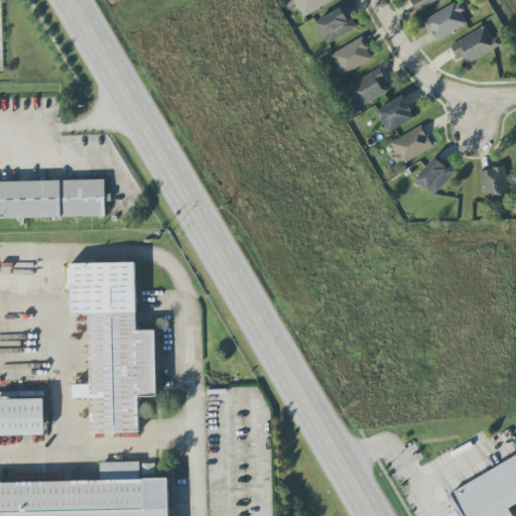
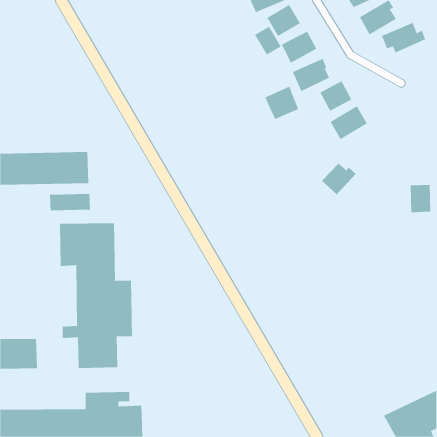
building: none -> [254,26,281,55]
building: none -> [265,86,299,120]
building: [414,156,456,195] -> [321,163,356,195]
building: [482,166,507,200] -> [410,184,431,213]
building: none -> [49,193,91,211]

